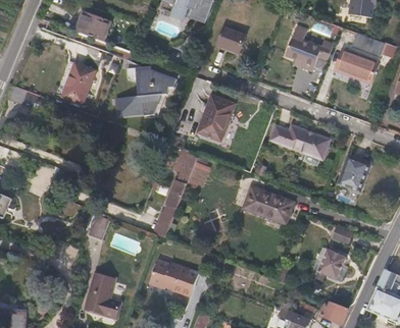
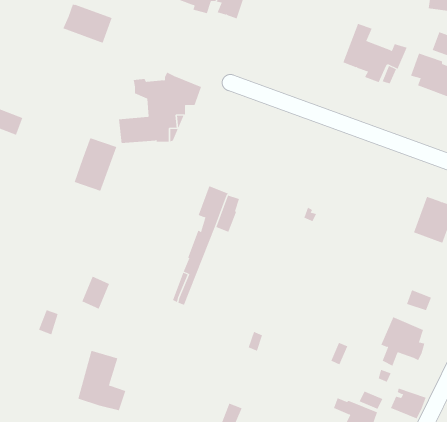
building: [216,26,246,54] -> none
building: [62,63,95,104] -> [74,137,117,191]
building: [198,96,235,141] -> none
building: [270,125,330,166] -> none
building: [243,186,293,223] -> none
building: [149,259,198,296] -> none

